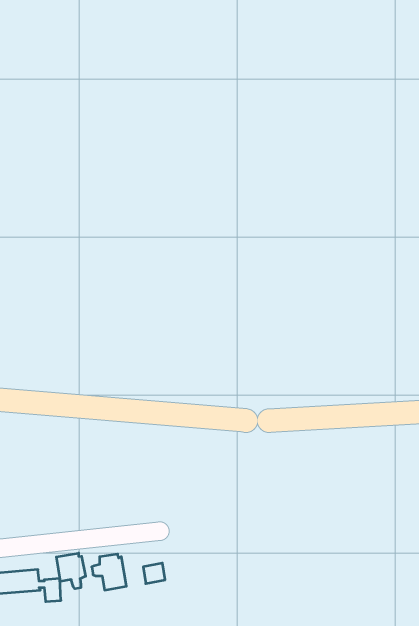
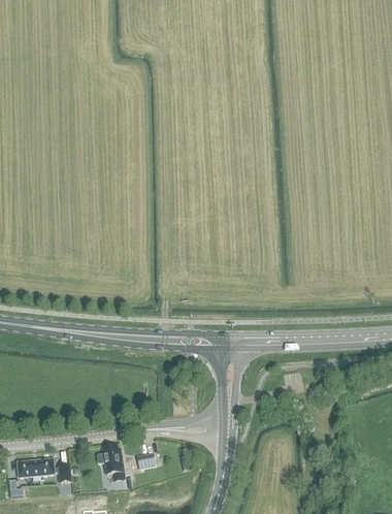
building: [56,553,86,589] -> none

